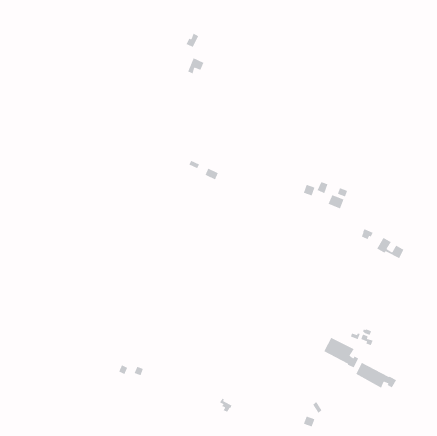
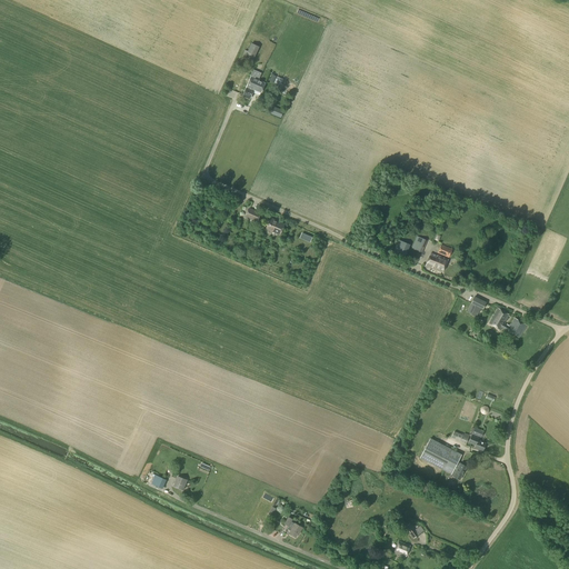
building: [355,362,397,389] -> none

